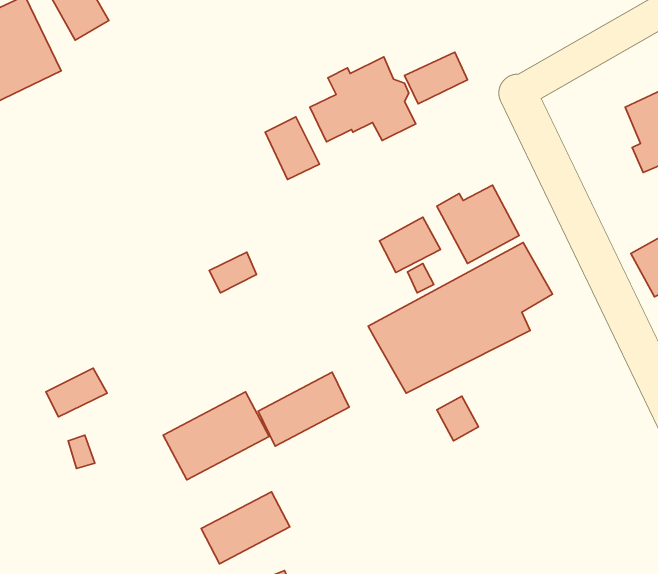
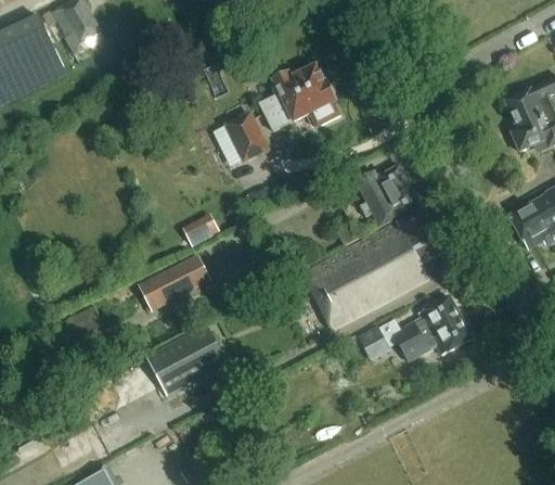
building: [404,52,467,104] -> none
building: [380,217,440,273] -> none
building: none -> [395,295,475,357]
building: [258,372,349,446] -> [138,254,208,311]
building: [201,492,290,564] -> none

